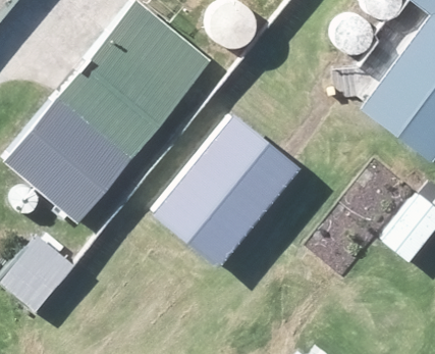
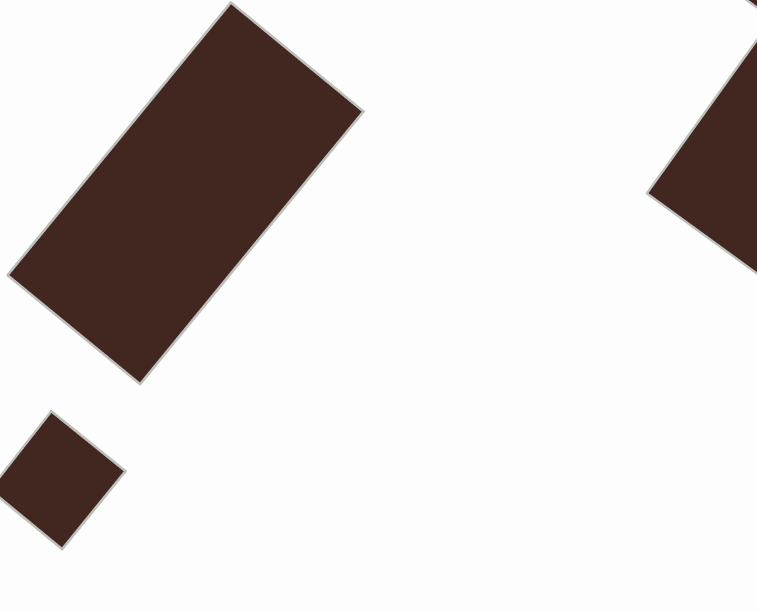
building: [153,117,297,267] -> none

